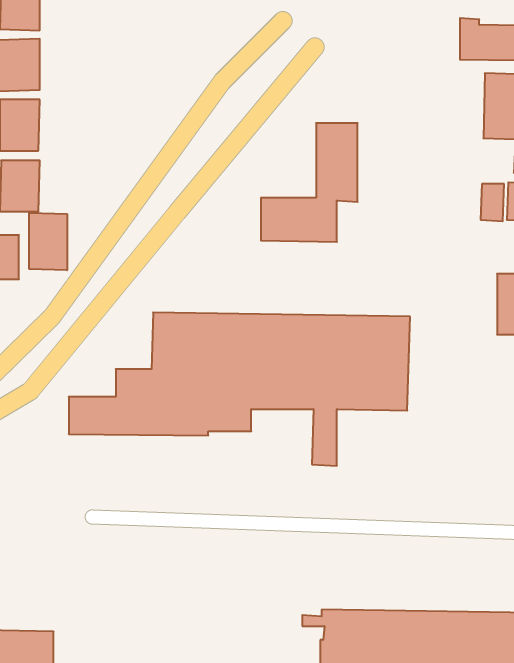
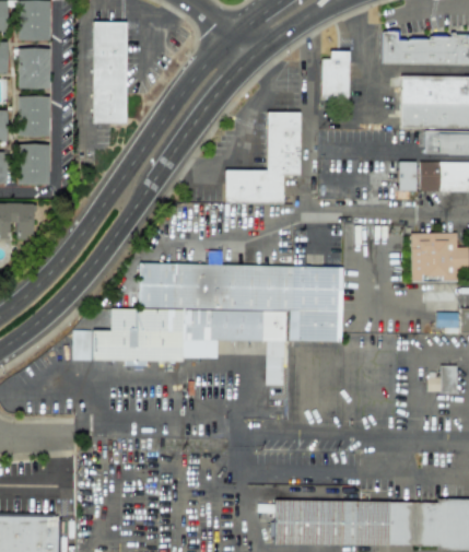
building: none -> [93,22,128,122]
building: none -> [321,51,350,99]
building: [29,213,67,270] -> none

